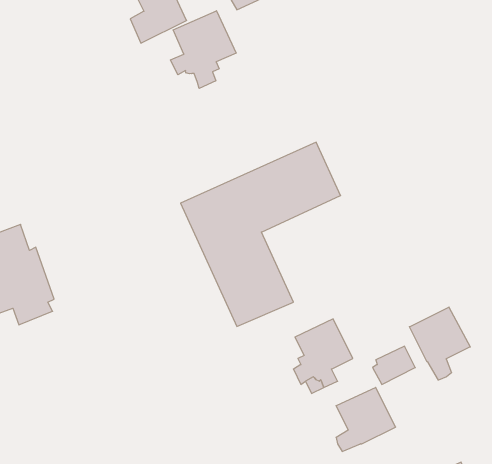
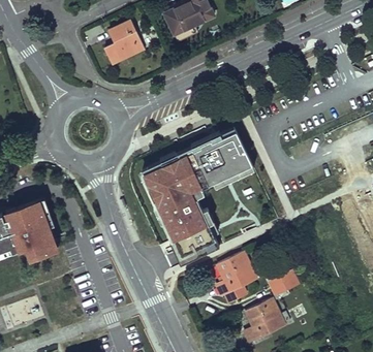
building: [171,11,236,88] -> none
building: [409,307,470,380] -> none

